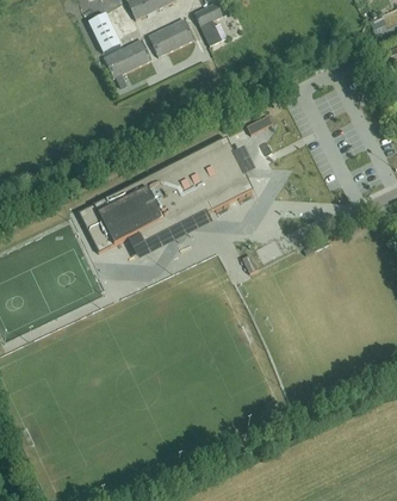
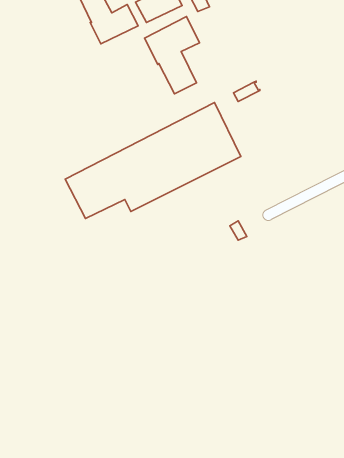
building: none -> [145,16,200,94]

